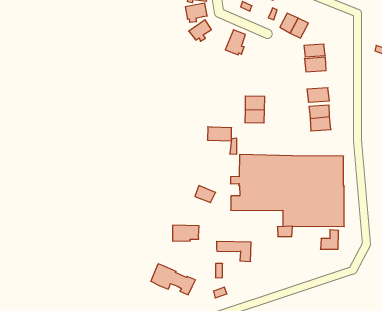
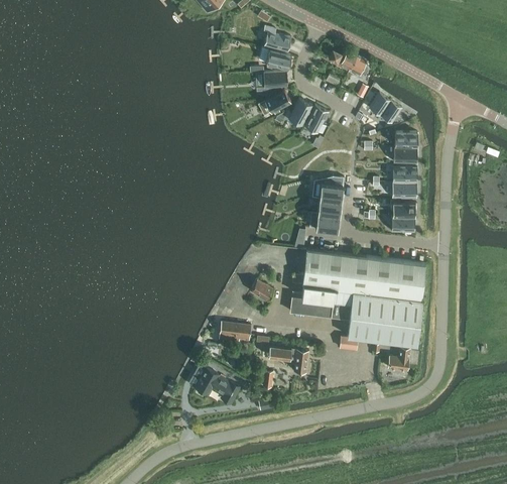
building: none -> [285,99,312,126]
building: none -> [392,167,417,184]
building: [207,127,232,141] -> [310,212,340,231]

